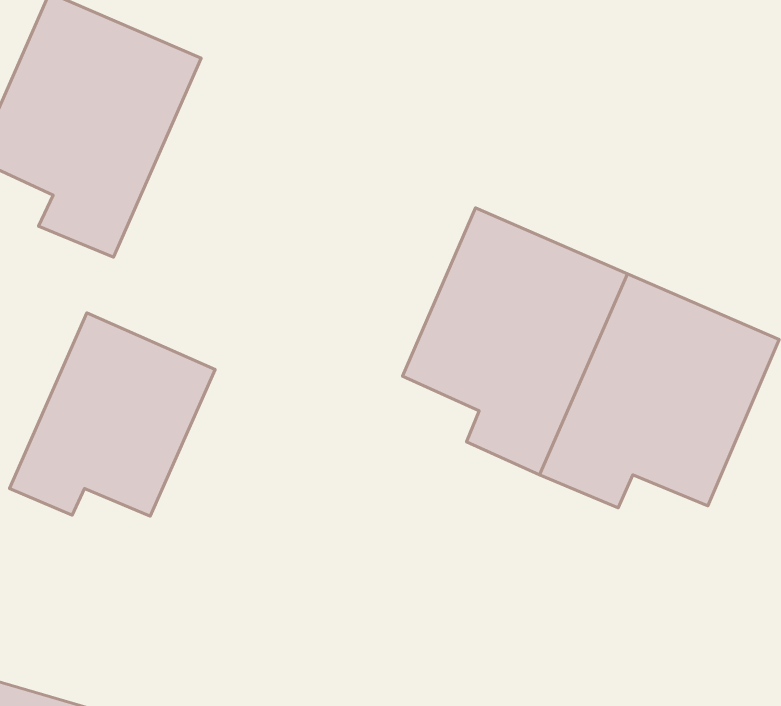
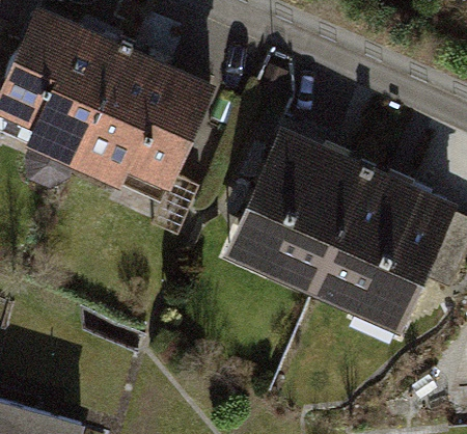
building: none -> [76,51,212,184]
building: [10,313,215,516] -> none

